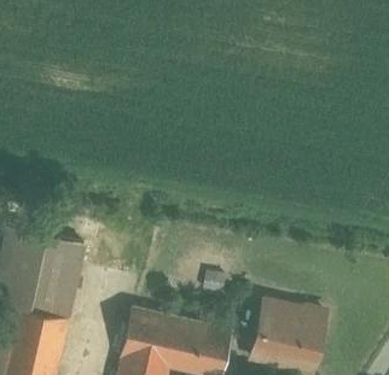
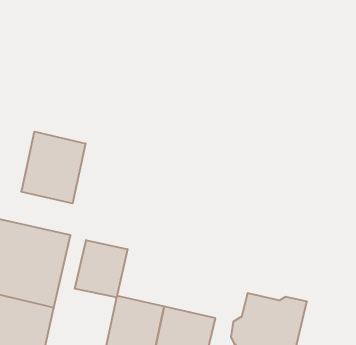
building: none -> [21,132,86,203]
building: none -> [75,240,128,298]

